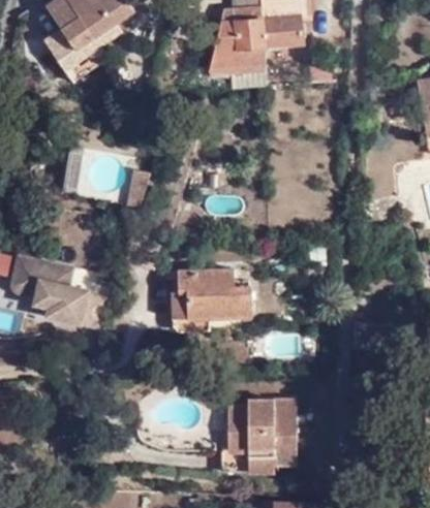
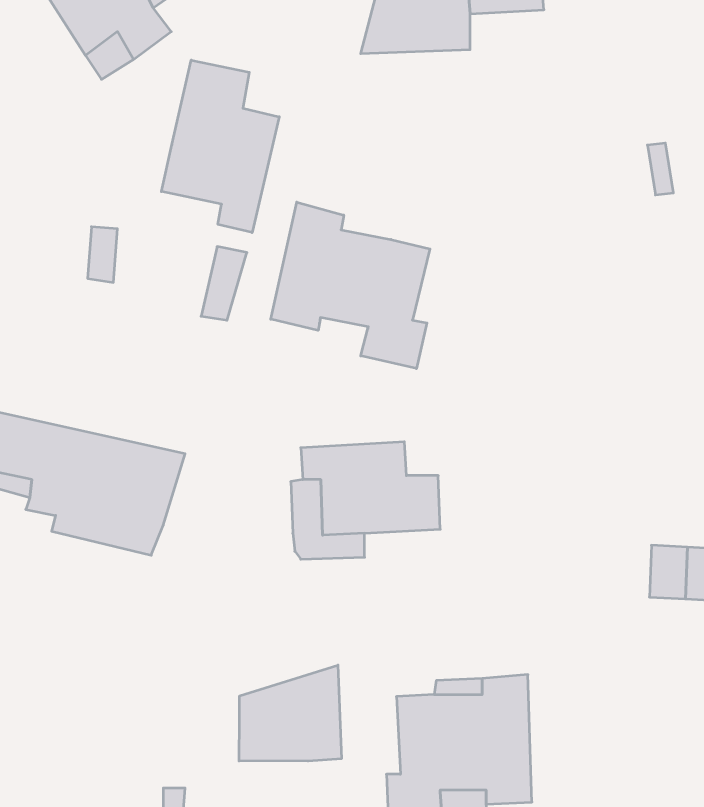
building: none -> [161,60,279,233]
building: none -> [271,202,430,369]
building: none -> [239,665,341,761]

